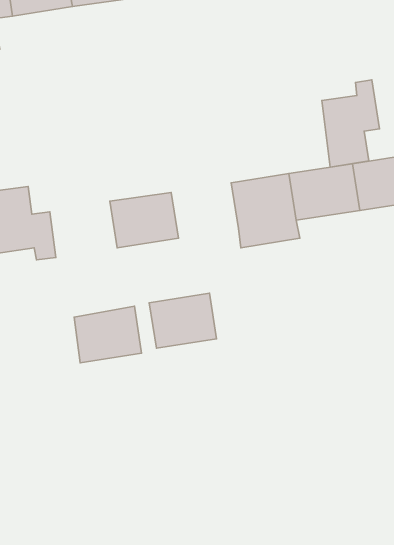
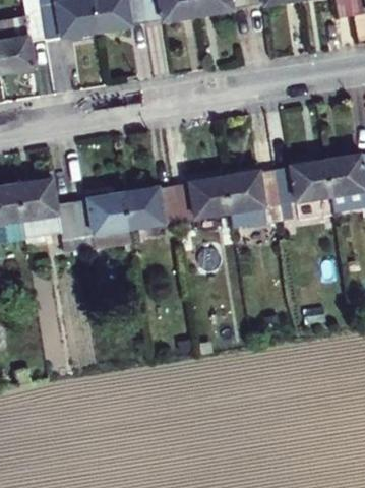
building: [322,80,380,167] -> none
building: [149,293,217,348] -> [174,176,231,223]
building: [74,306,142,363] -> [71,191,128,239]

